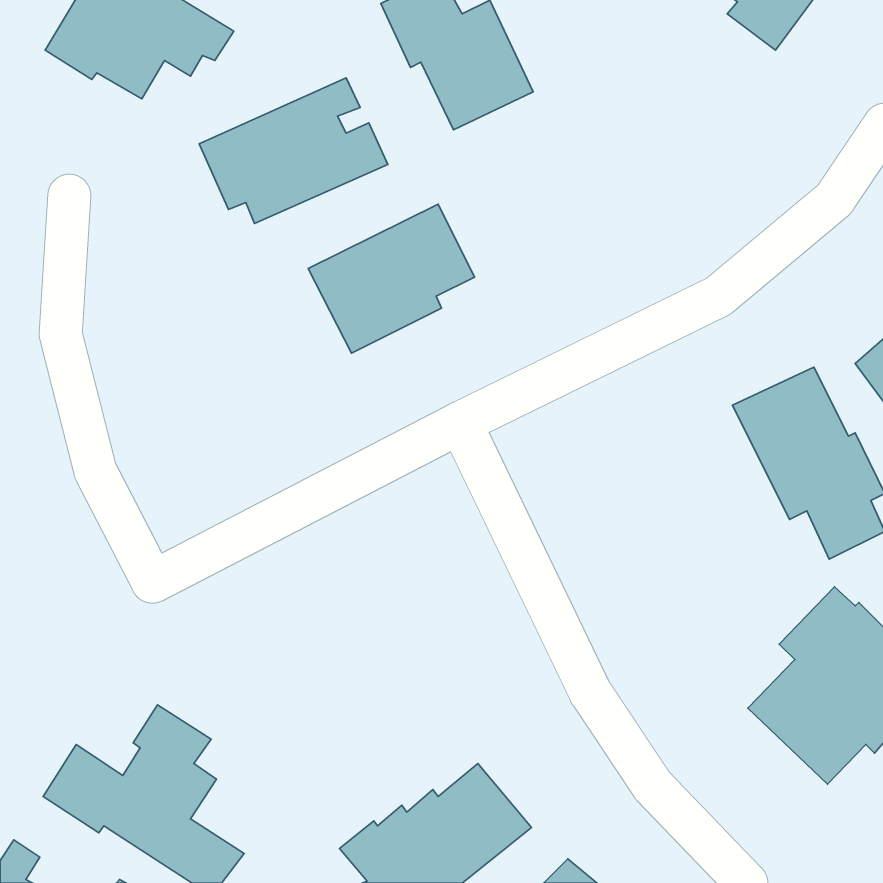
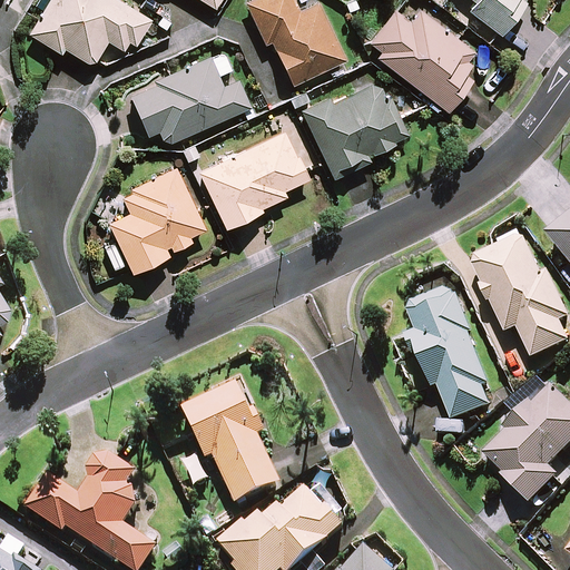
building: none -> [368,9,474,111]
building: none -> [302,78,407,177]
building: none -> [106,167,204,272]
building: none -> [407,288,491,421]
building: none -> [184,387,281,508]

